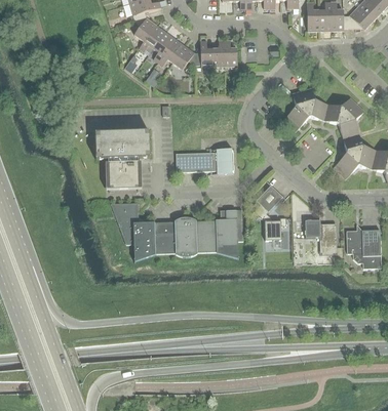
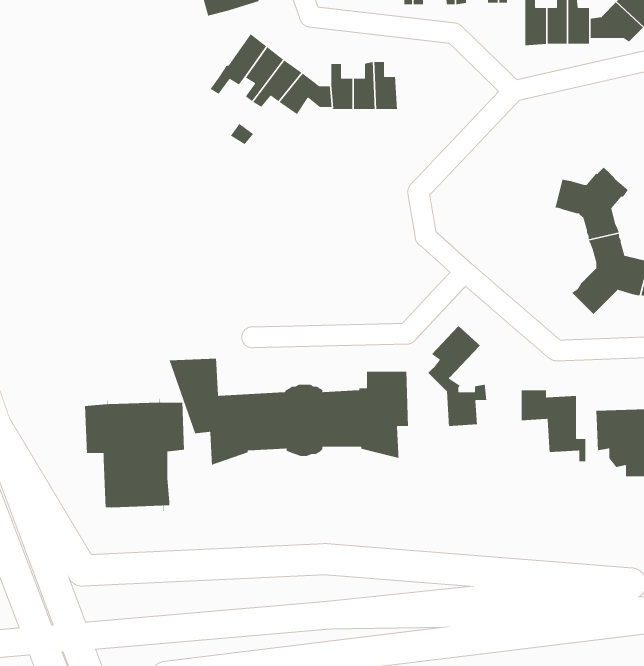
building: [132,11,156,41] -> none
building: [283,87,327,131] -> none
building: [94,128,150,191] -> [84,398,185,512]
building: [176,148,234,173] -> none

